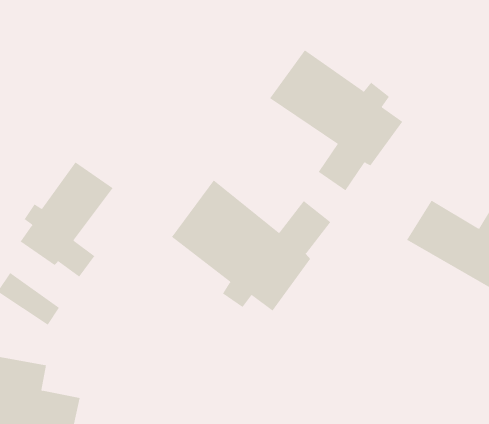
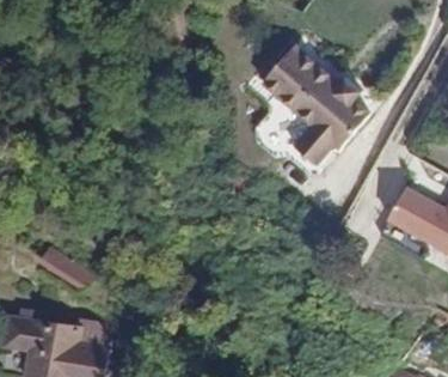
building: [20,161,114,278] -> none
building: [171,179,331,312] -> none

